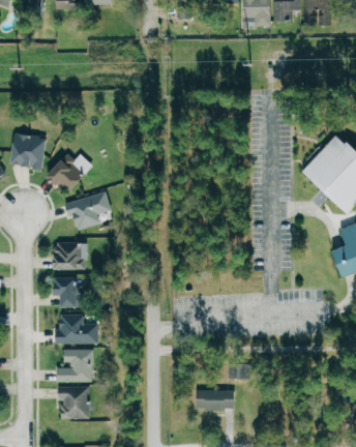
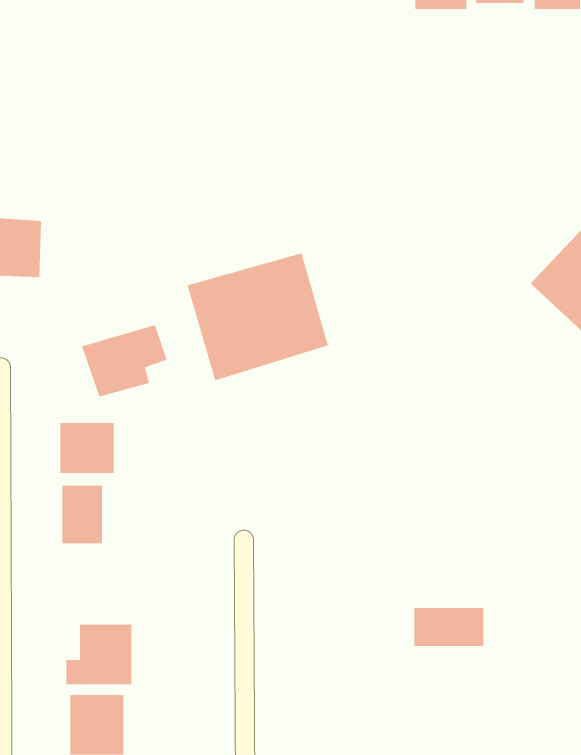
building: [48,153,92,193] -> none
building: none -> [187,252,329,381]
building: [57,315,96,344] -> none
building: [197,390,234,411] -> [414,607,484,647]

